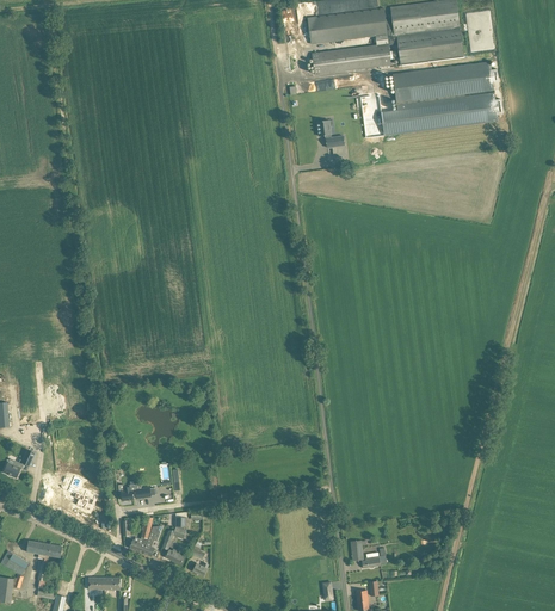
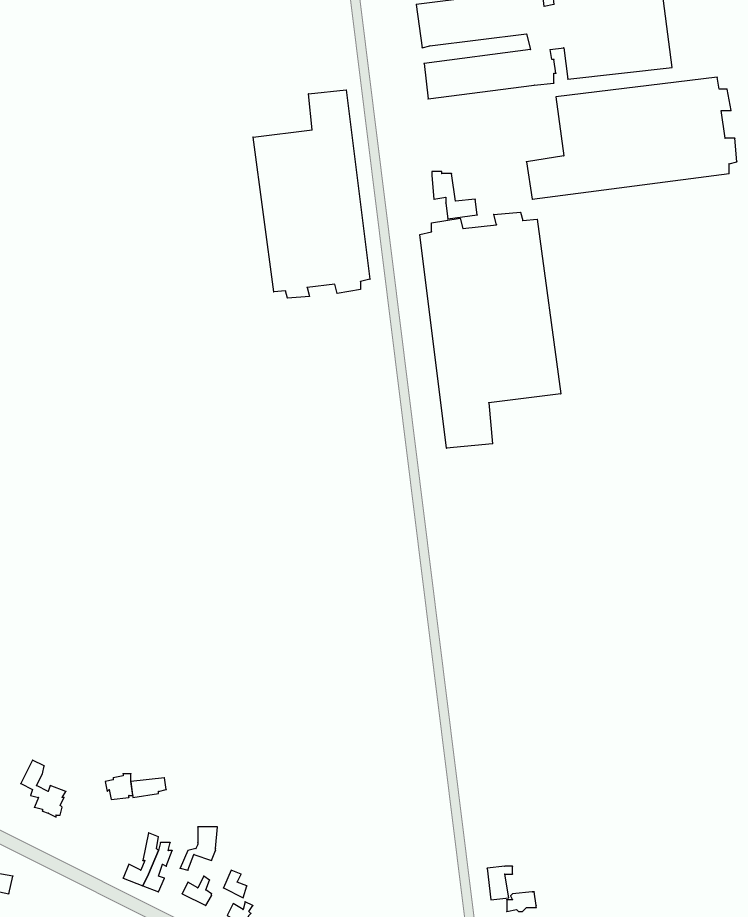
building: none -> [253,90,370,298]
building: none -> [420,212,561,448]

